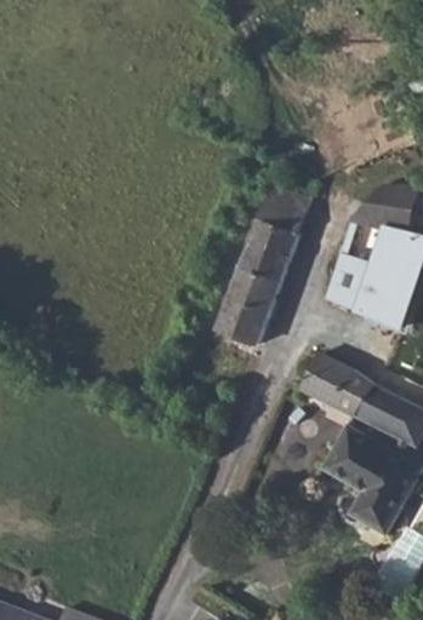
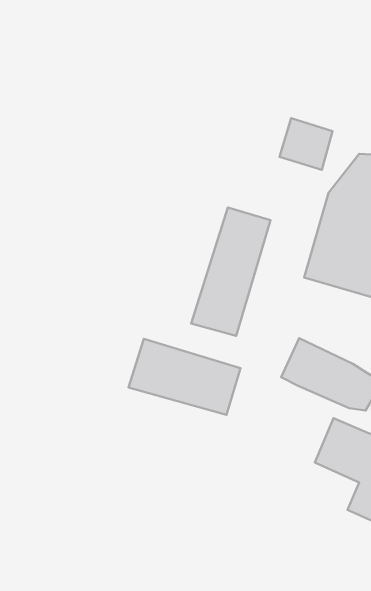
building: [258,183,311,235] -> [279,118,332,170]
building: none -> [128,339,241,415]

